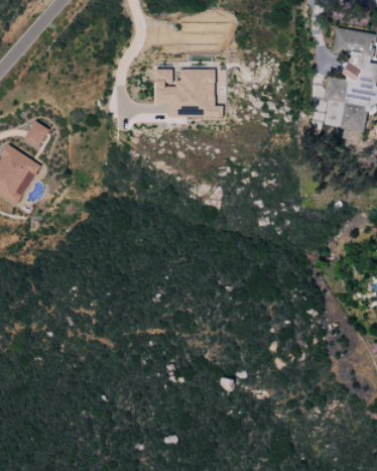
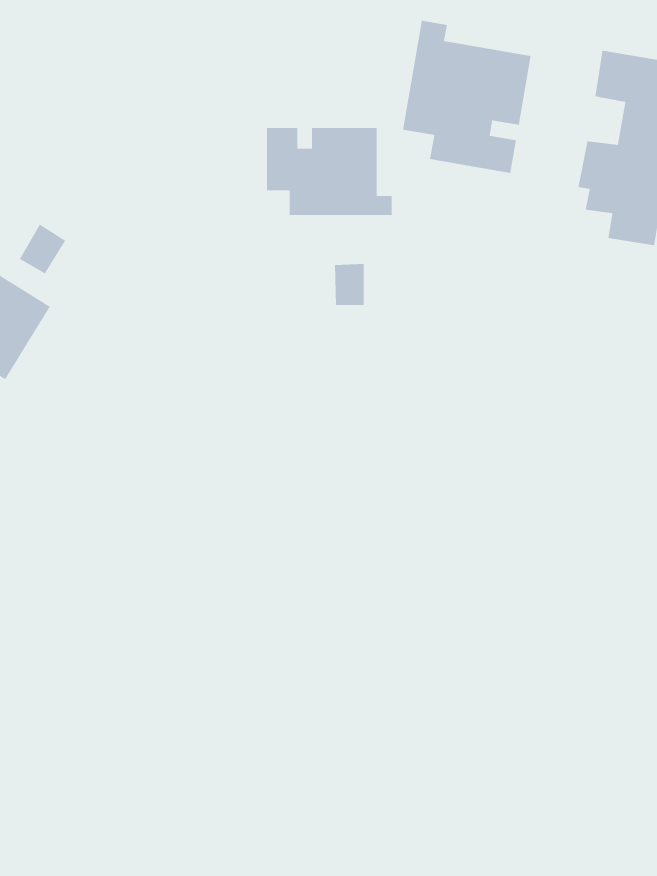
building: none -> [402,20,532,174]
building: none -> [334,263,365,306]

